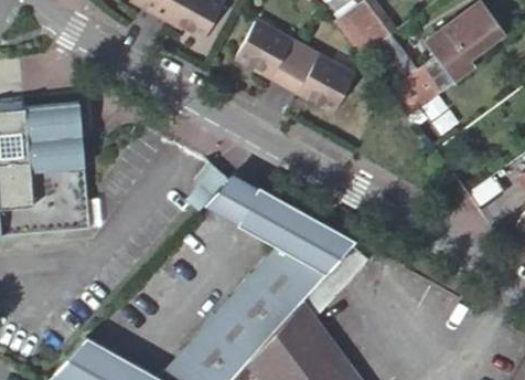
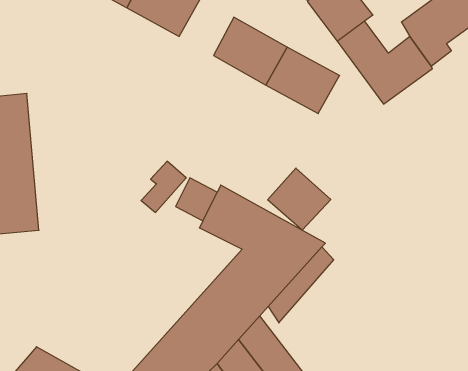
building: none -> [268,168,331,230]

